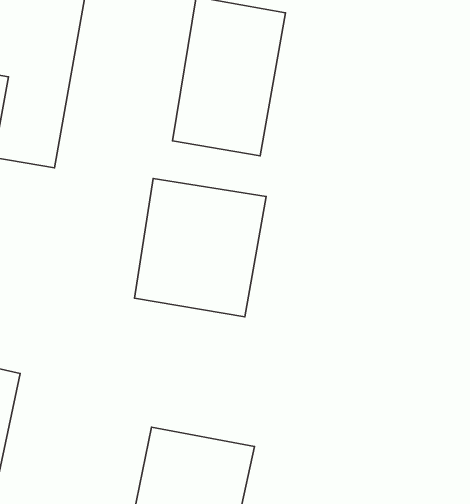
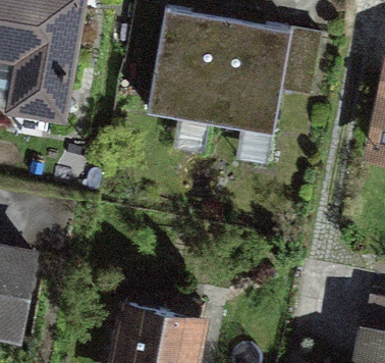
building: none -> [206,20,284,129]
building: [134,179,266,317] -> none

